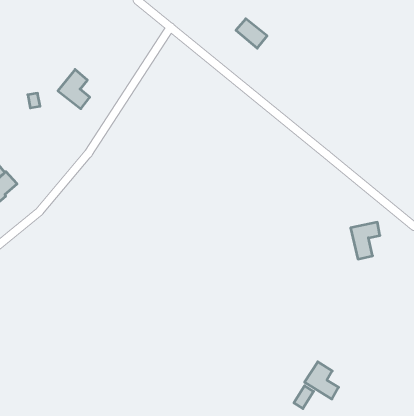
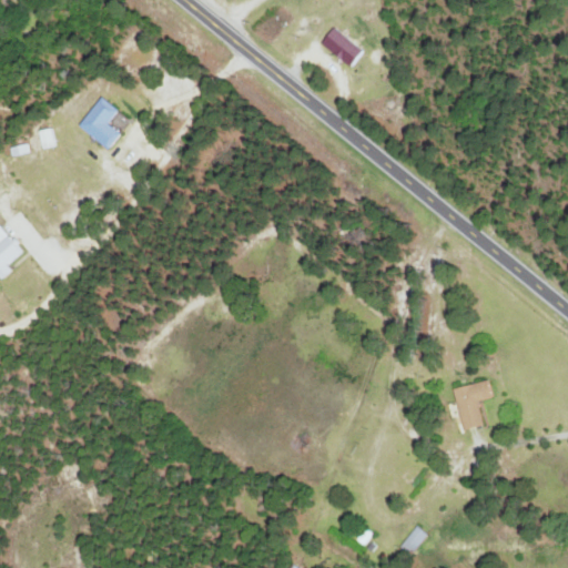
building: [351,222,380,259] -> [454,381,494,430]
building: [305,362,339,399] -> none

